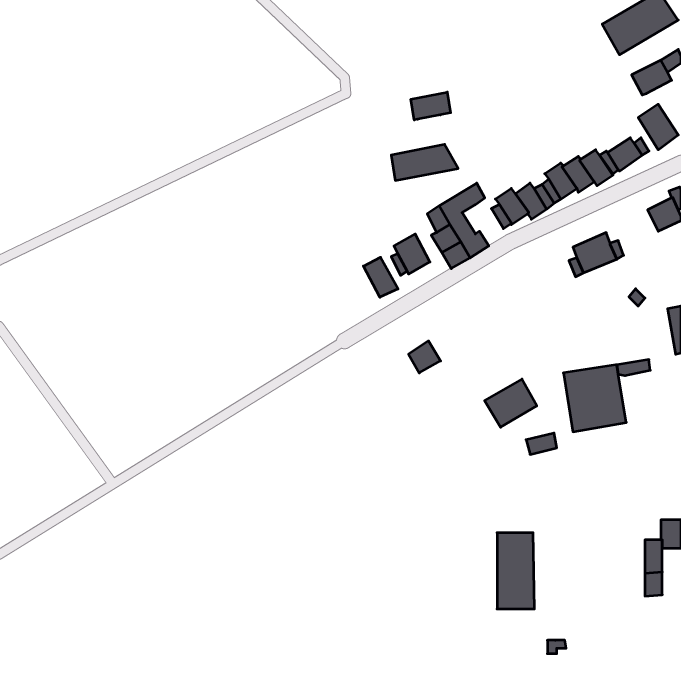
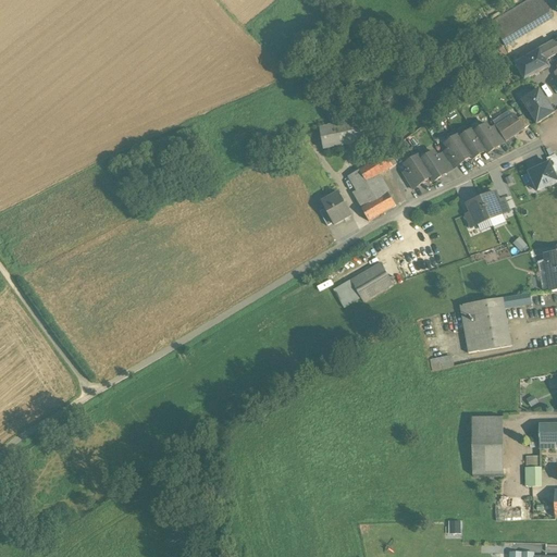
building: [411,92,451,120] -> none
building: [363,257,398,297] -> none
building: [485,379,537,427] -> [349,260,392,299]
building: [497,533,534,609] -> [472,413,503,475]

